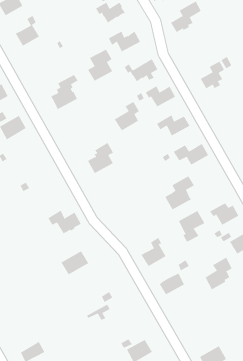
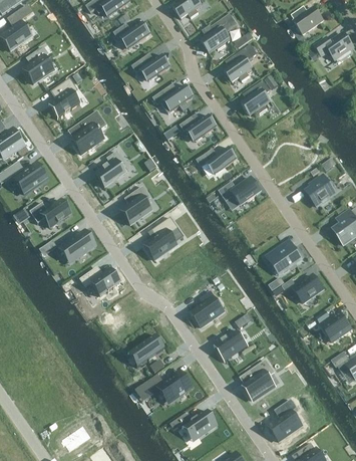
building: none -> [226,44,259,81]
building: [87,49,113,82] -> [49,78,79,118]
building: [114,101,140,131] -> [95,151,124,187]
building: none -> [30,199,71,227]
building: [165,175,195,210] -> [144,217,179,259]
building: none -> [61,231,92,260]
building: [178,210,205,243] -> none
building: [61,250,89,275] -> [130,334,163,365]
building: [205,257,233,290] -> [244,360,275,400]
building: none -> [160,372,191,400]

